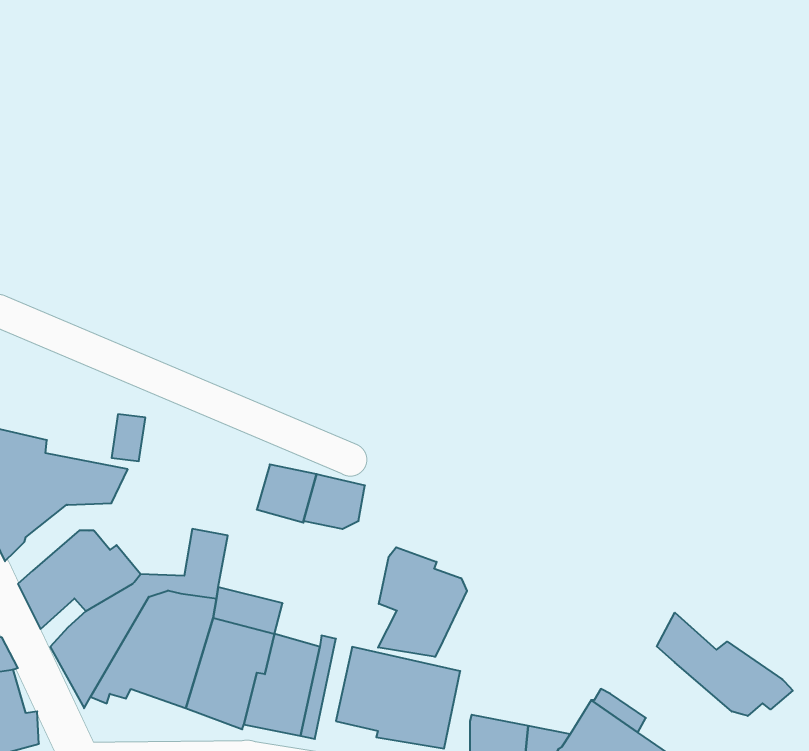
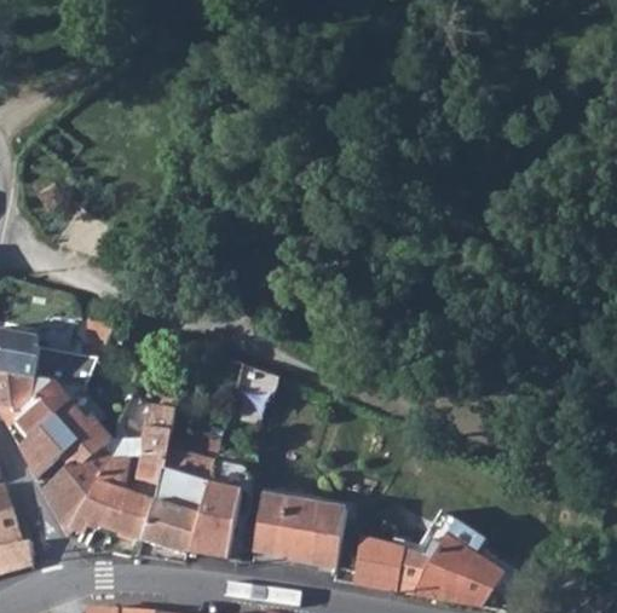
building: none -> [12,384,71,434]
building: [378,547,467,657] -> none
building: [657,613,793,716] -> none

